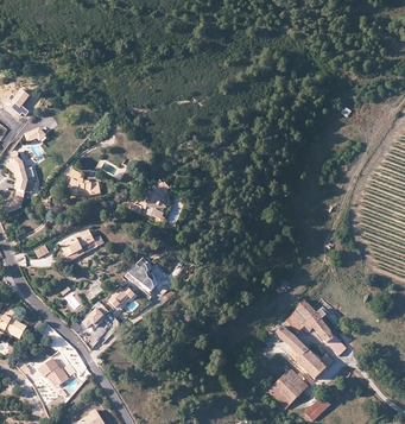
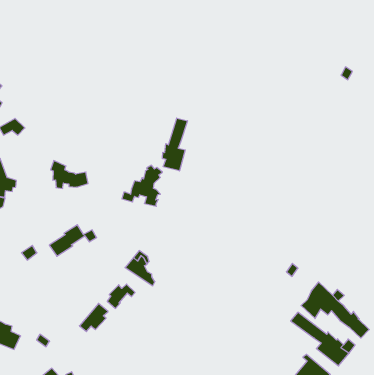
building: none -> [162,118,187,171]

